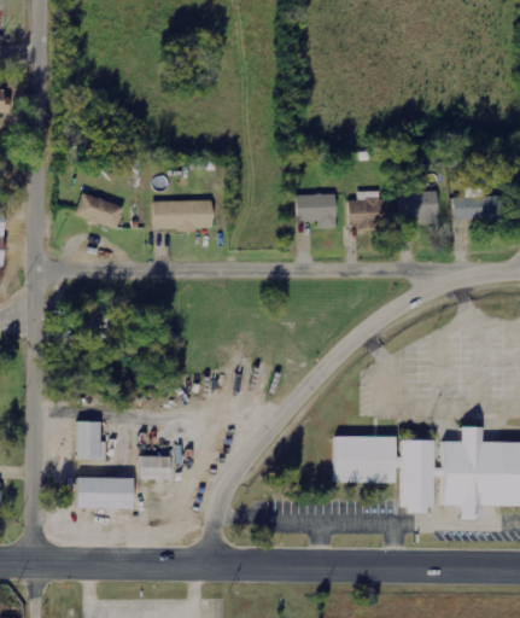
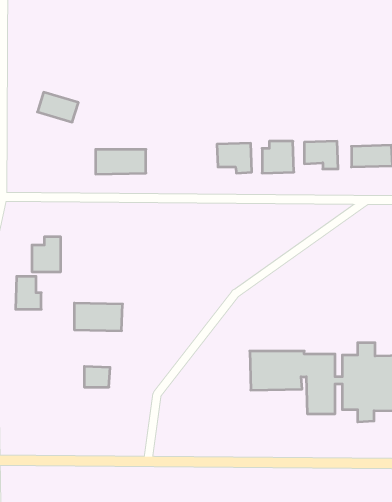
building: [75,193,123,228] -> [37,92,78,122]
building: [76,421,106,460] -> [16,276,41,309]
building: [76,477,133,509] -> [74,303,123,331]

